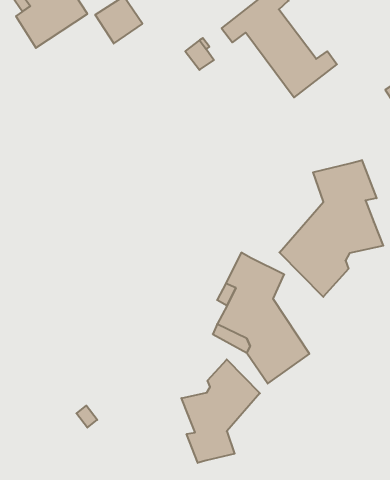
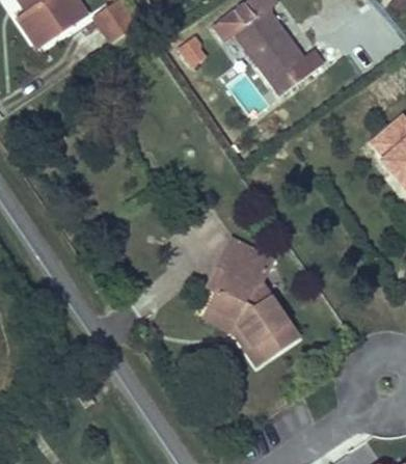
building: [279,160,383,297] -> none
building: [181,359,260,463] -> none

